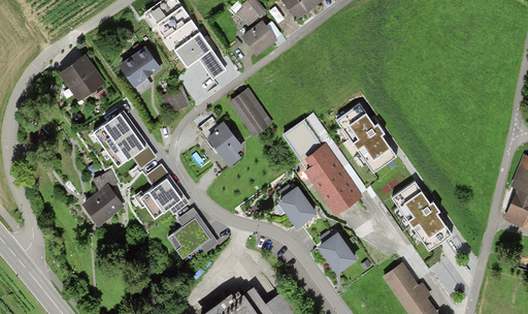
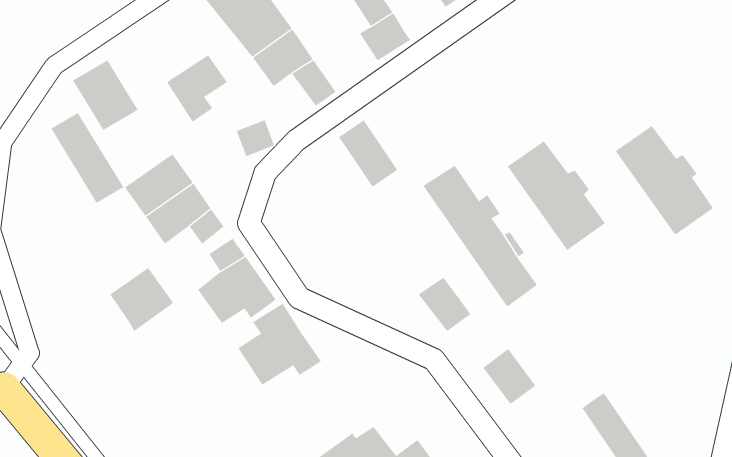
building: none -> [50,112,124,204]
building: [207,123,239,164] -> none
building: [392,181,455,251] -> [615,125,714,236]

